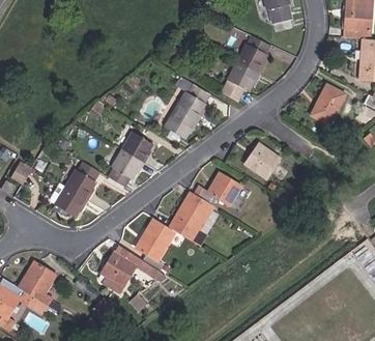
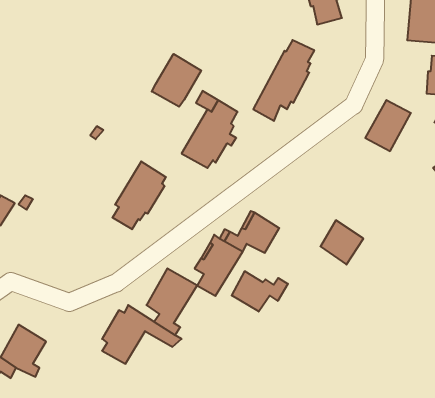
building: none -> [152,54,201,107]
building: [246,143,280,178] -> [320,220,363,265]
building: [55,162,97,217] -> none
building: none -> [232,271,288,312]

